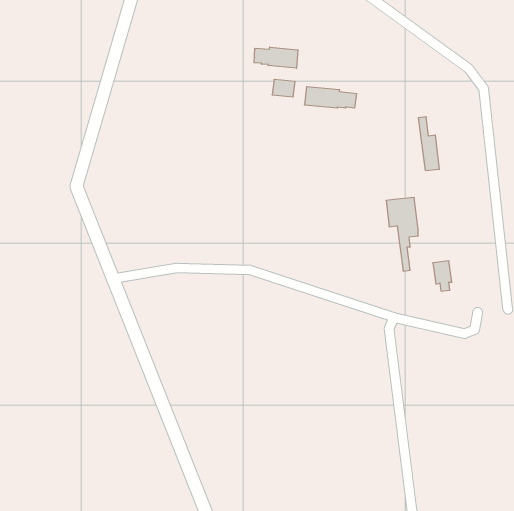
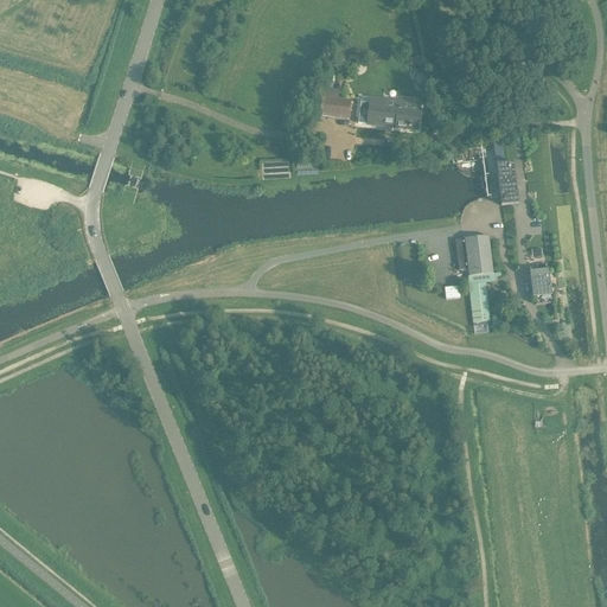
building: [254,47,298,68] -> none
building: [433,261,452,291] -> [528,267,550,302]

